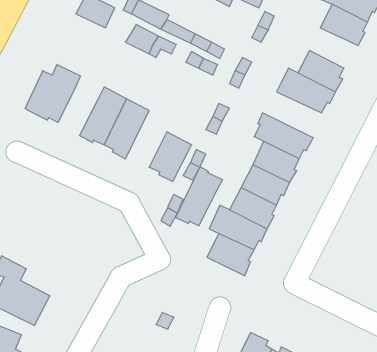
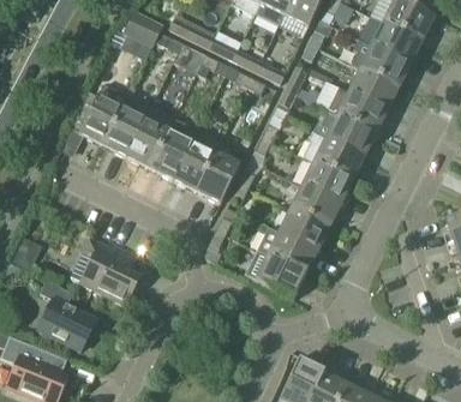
building: none -> [351,40,409,88]
building: none -> [104,107,145,156]
building: none -> [312,112,372,158]
building: [175,167,223,226] -> [173,128,221,188]
building: none -> [71,235,138,305]

